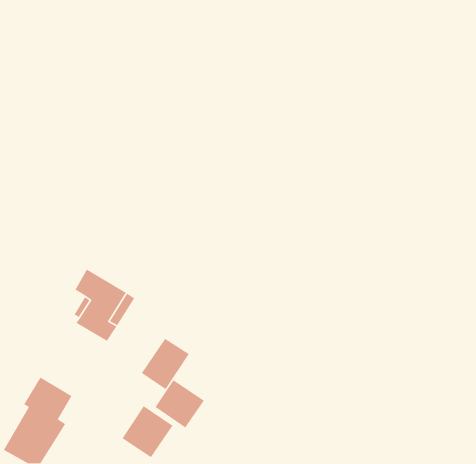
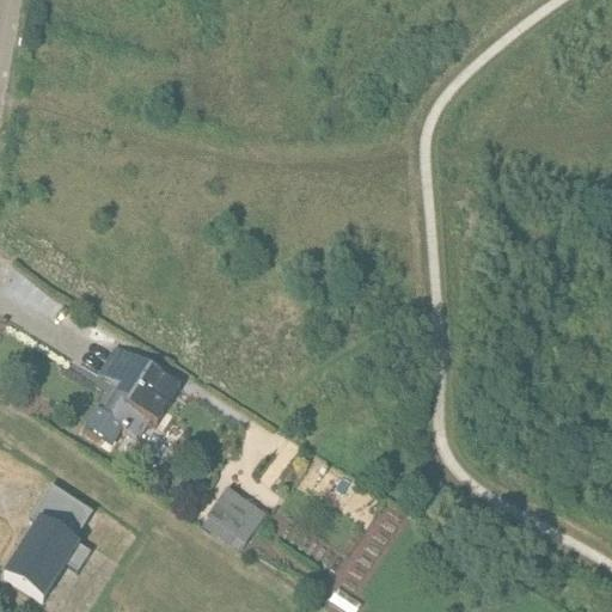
building: [141,338,190,390] -> none
building: [121,405,174,458] -> none

